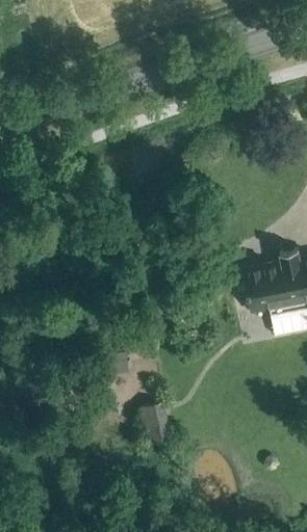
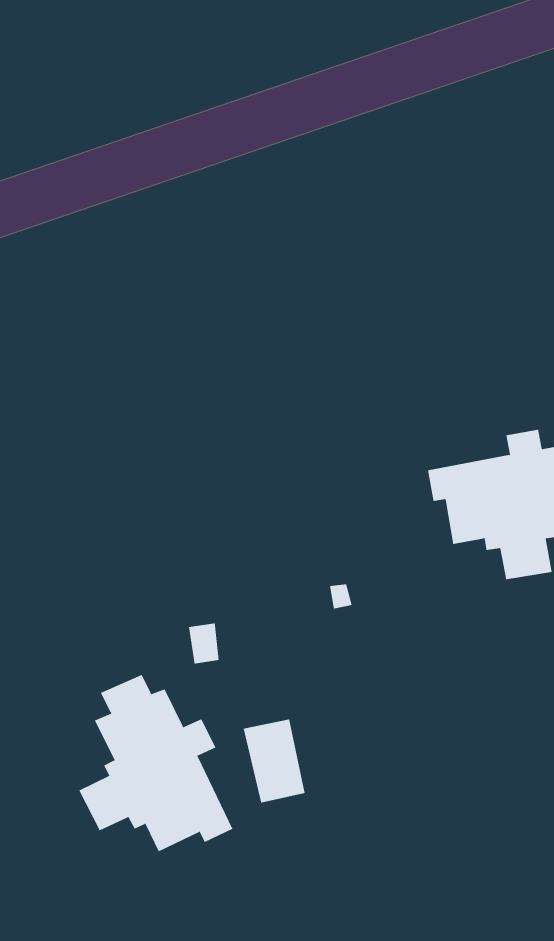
building: none -> [78,674,233,852]

